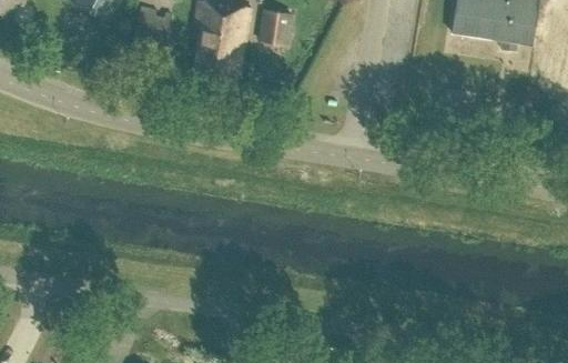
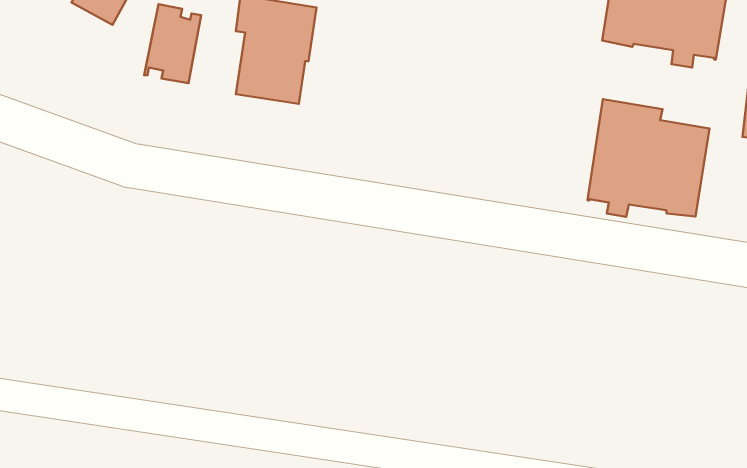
building: [257,9,292,46] -> none
building: none -> [588,99,710,217]

